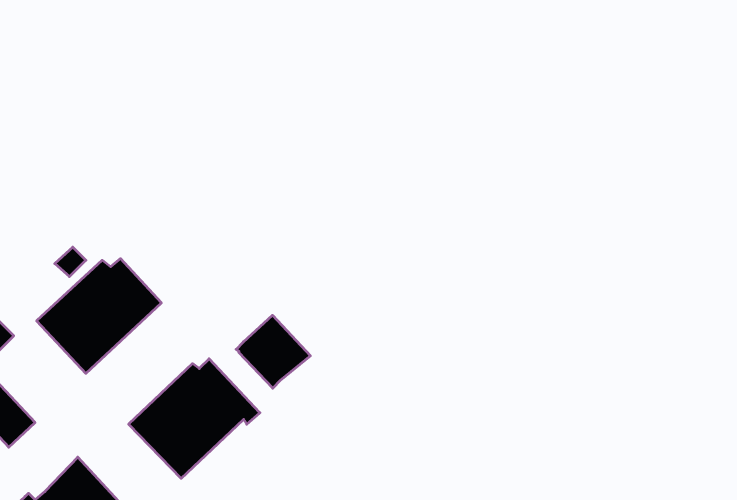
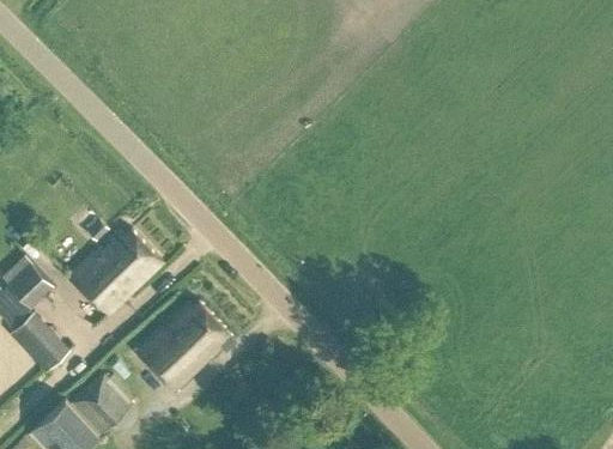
building: [236,315,310,388] -> none

